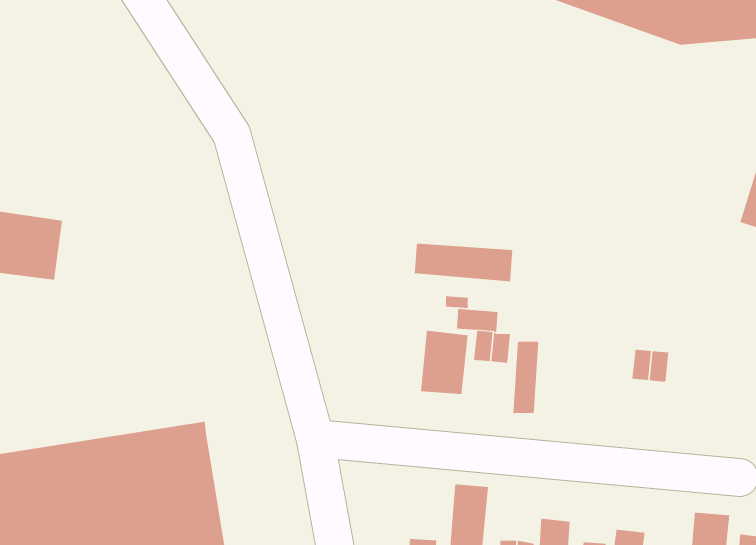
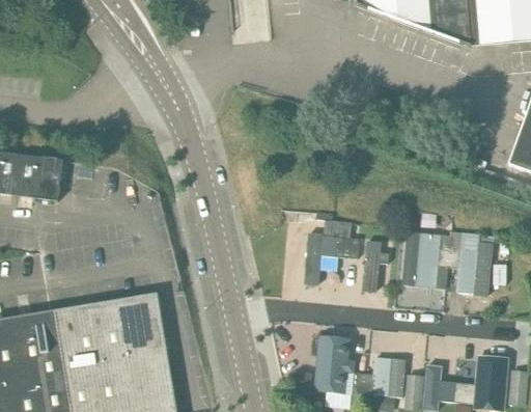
building: [414,243,513,282] -> none
building: none -> [404,232,439,286]
building: none -> [465,243,488,297]

